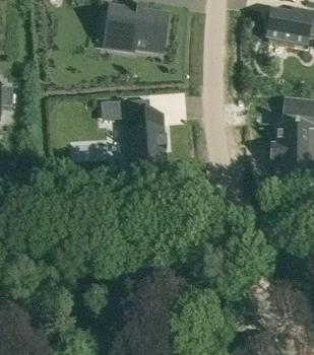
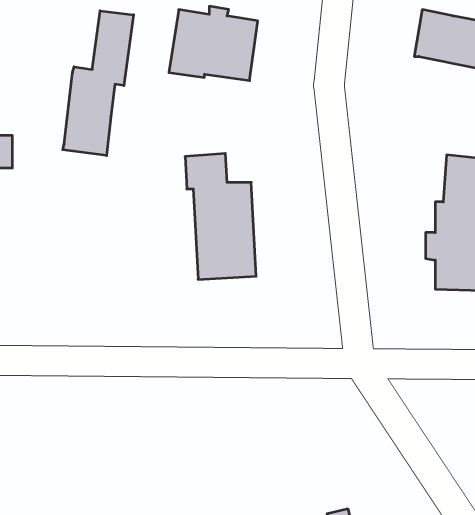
building: none -> [63,11,134,156]

